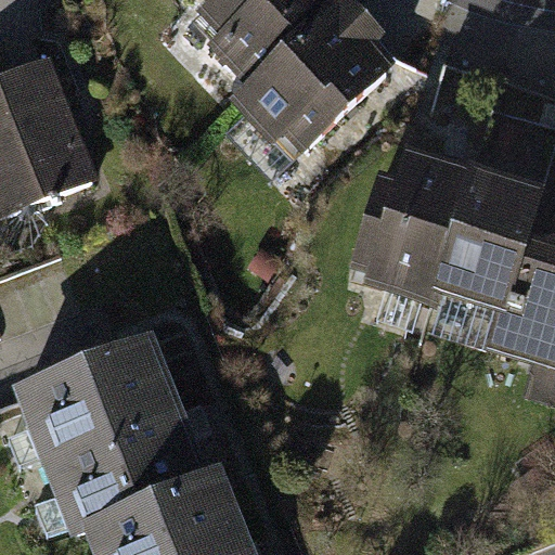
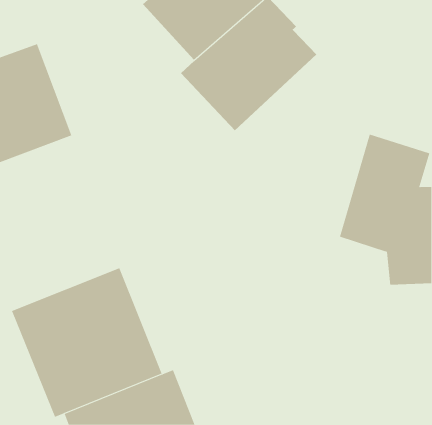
building: [354,149,470,301] -> none

